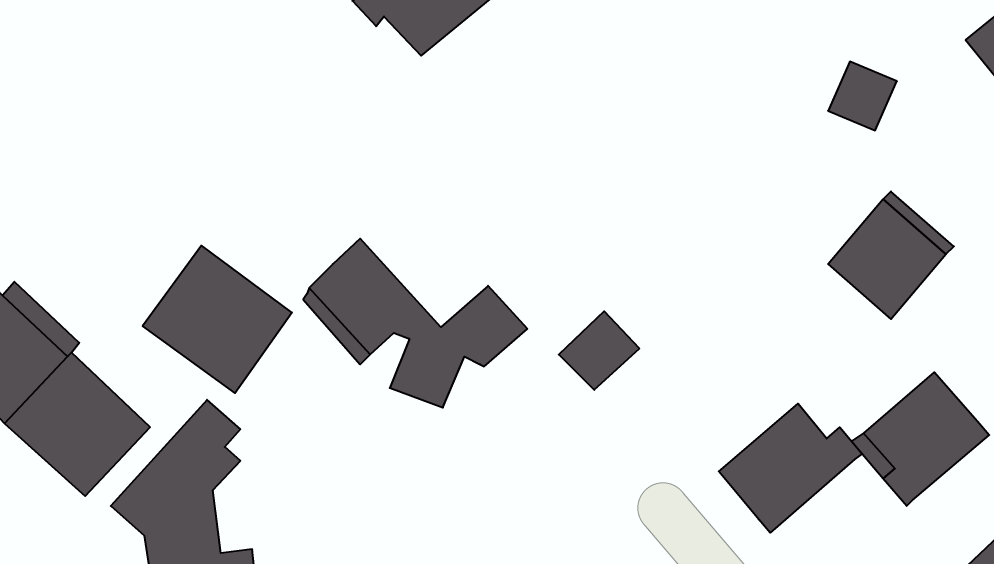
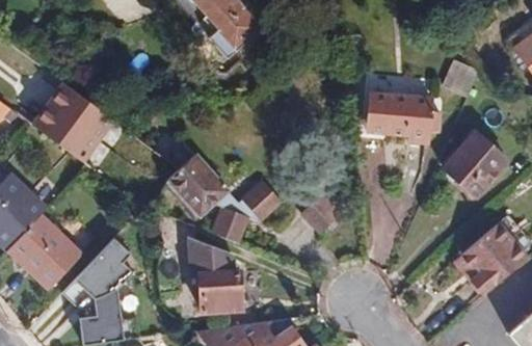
building: none -> [366,91,442,142]
building: [143,246,292,393] -> [32,83,111,161]
building: none -> [190,239,241,311]
building: [719,404,862,533] -> none

